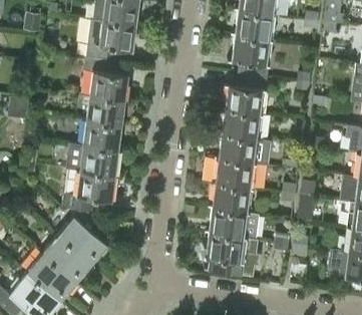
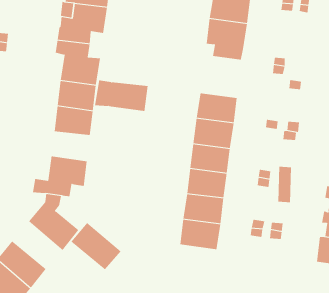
building: [226,74,267,115] -> none
building: [65,146,118,178] -> [94,80,148,111]
building: [41,237,91,284] -> [70,222,121,270]

